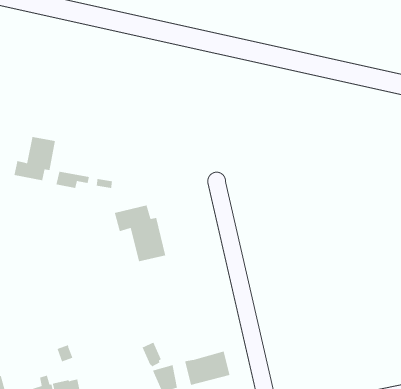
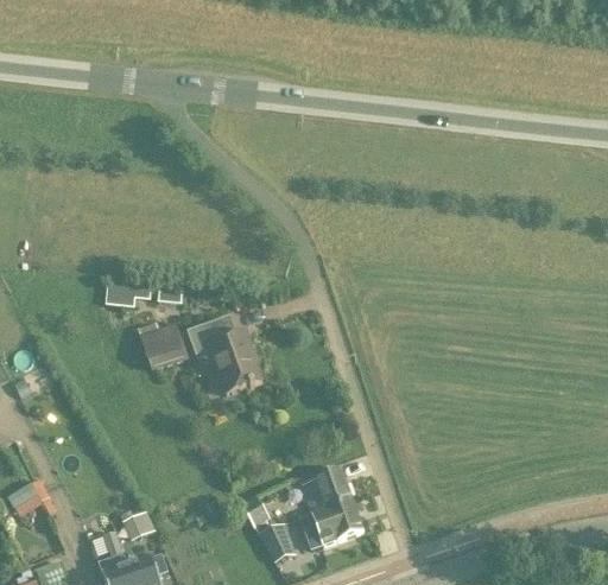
building: [14,136,56,181] -> none
building: none -> [141,324,185,368]
building: none -> [302,468,350,513]

